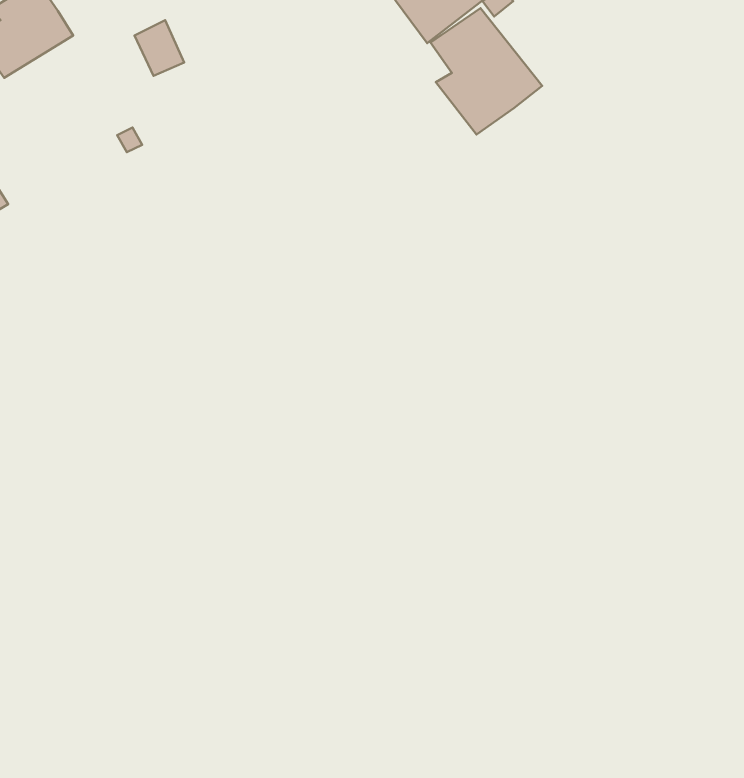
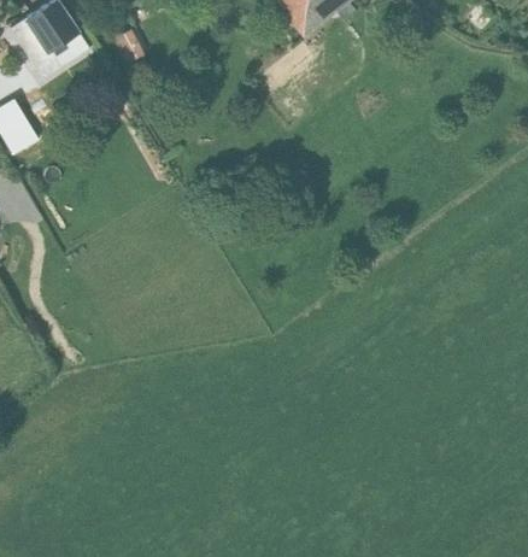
building: [430,8,542,135] -> none

